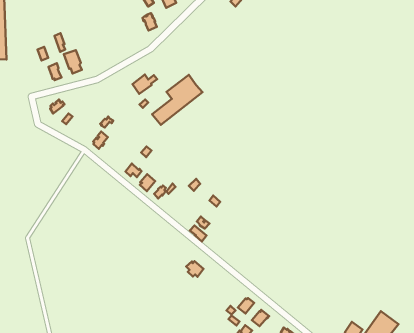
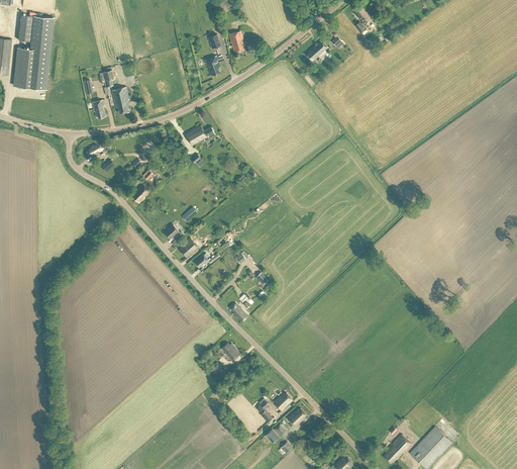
building: [152,75,203,125] -> none

